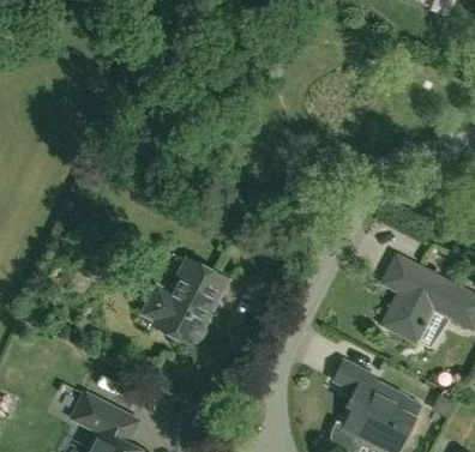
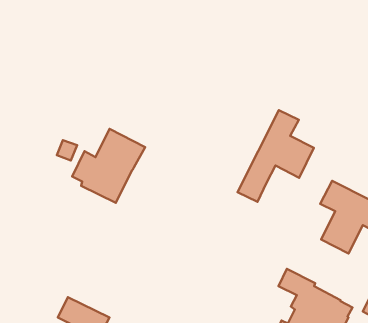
building: none -> [238,110,314,202]
building: [143,258,229,345] -> [72,129,145,203]

